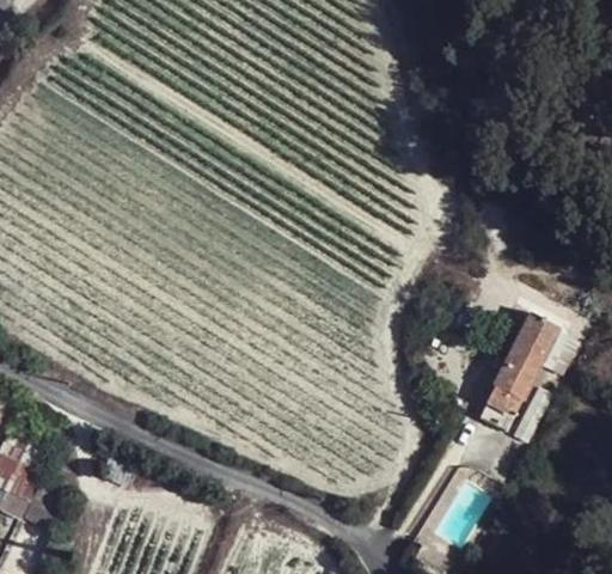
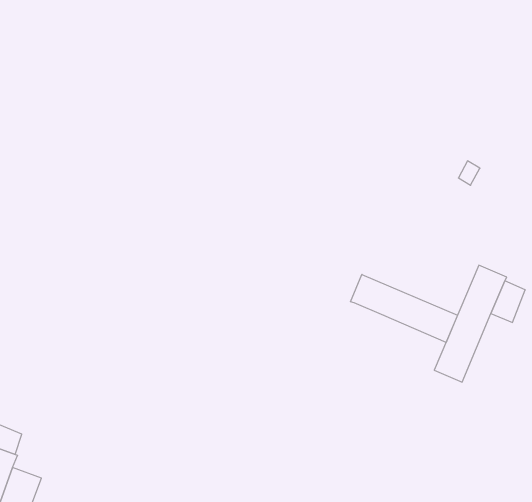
building: none -> [350,274,458,342]

